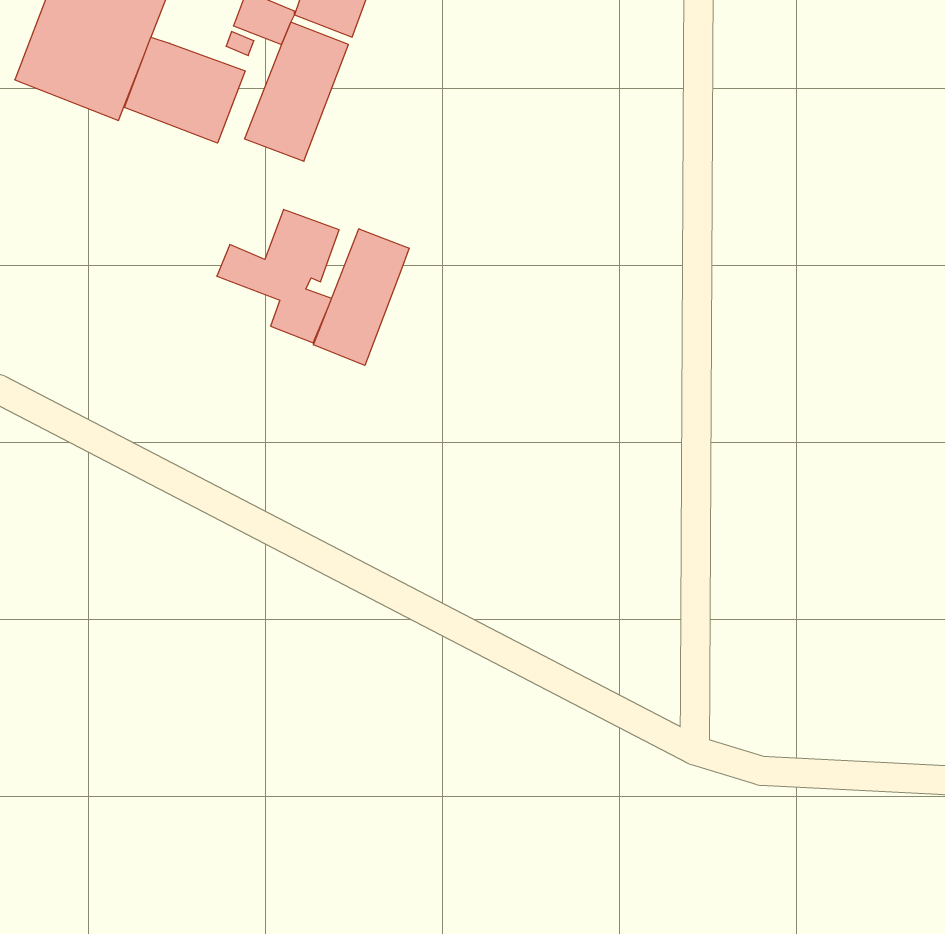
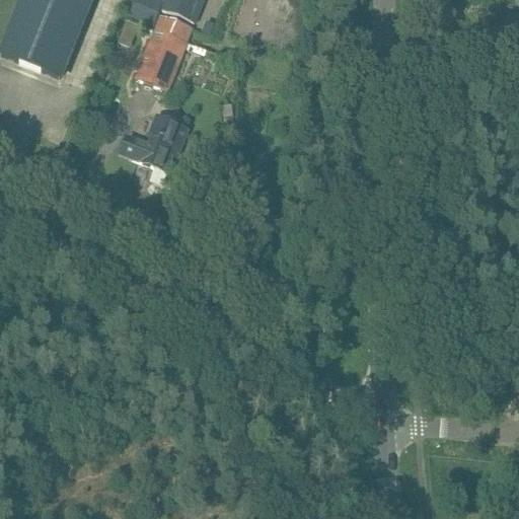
building: [124,37,245,143] -> none
building: [313,229,409,365] -> none

